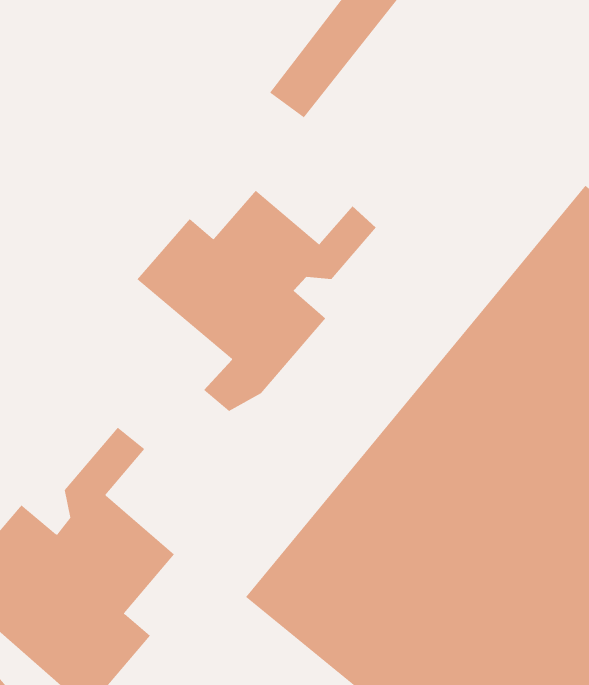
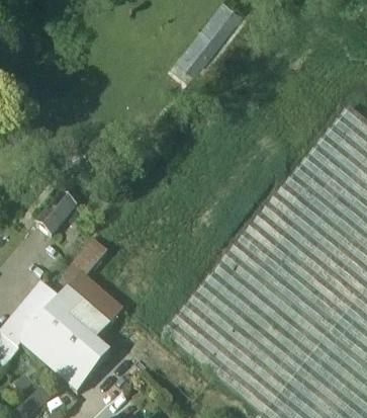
building: [137,190,377,412] -> none
building: none -> [34,189,77,235]

